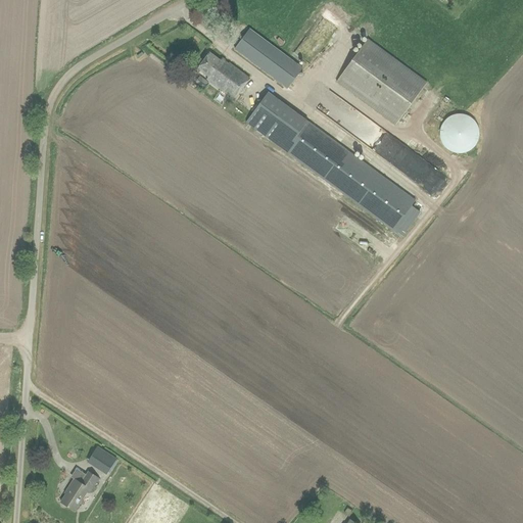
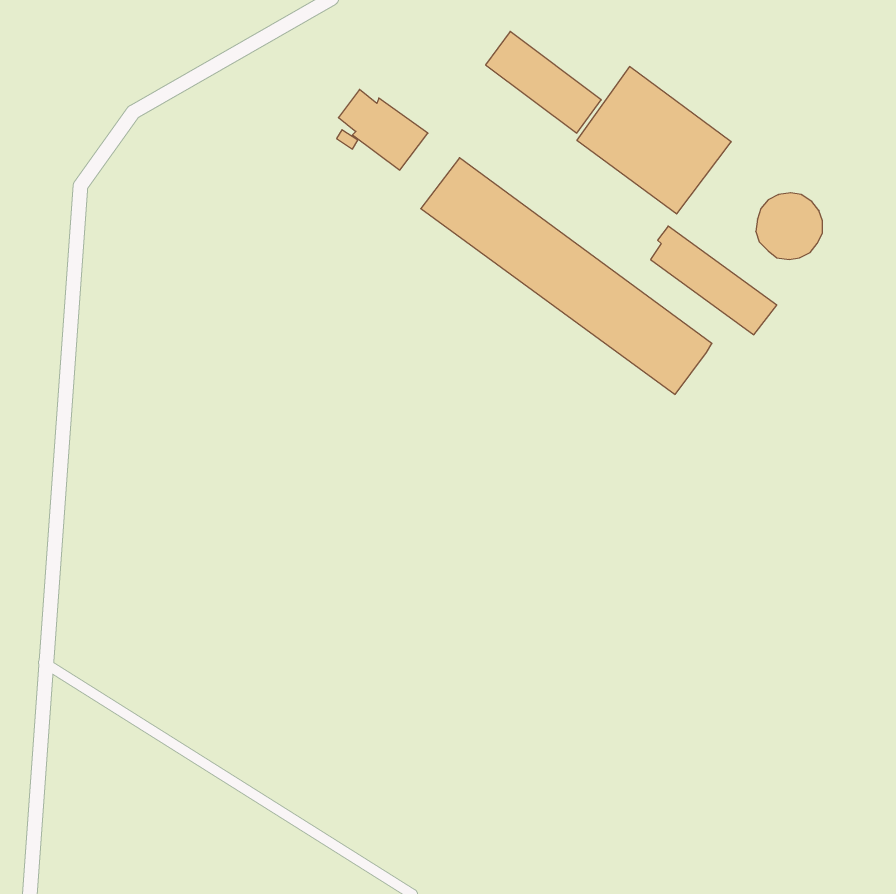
building: [234,29,301,88] -> [486,31,601,133]
building: [89,444,120,473] -> none
building: [60,467,98,511] -> none

